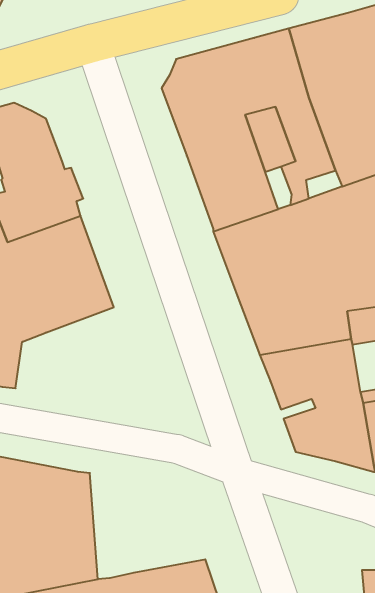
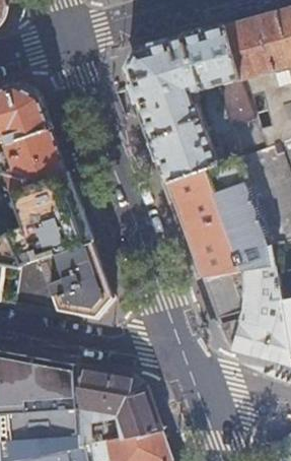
building: none -> [15,240,112,317]
building: none -> [72,367,160,448]

